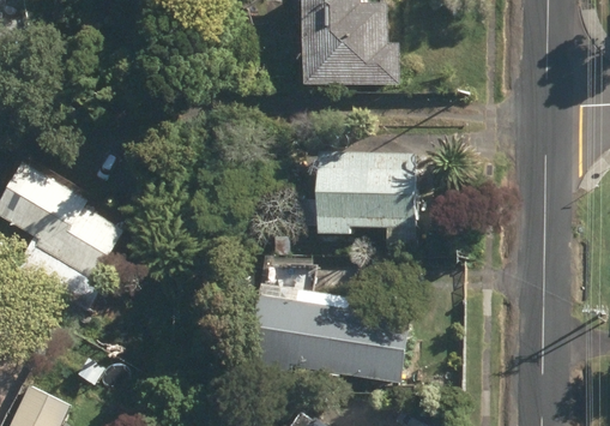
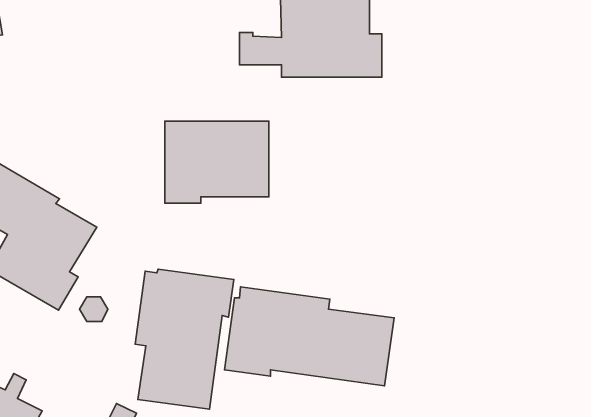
building: [314,154,415,233] -> [165,121,269,203]
building: none -> [135,269,234,409]

